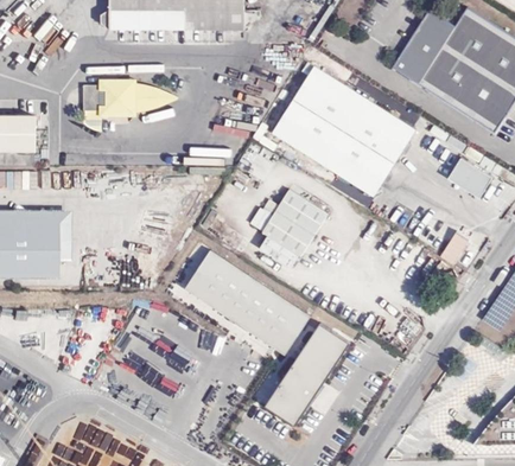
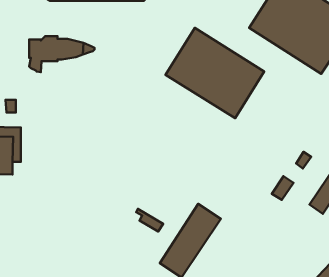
building: [450,160,494,199] -> none
building: [263,192,330,268] -> none
building: [439,231,470,264] -> [272,176,294,200]
building: [185,248,310,351] -> none

